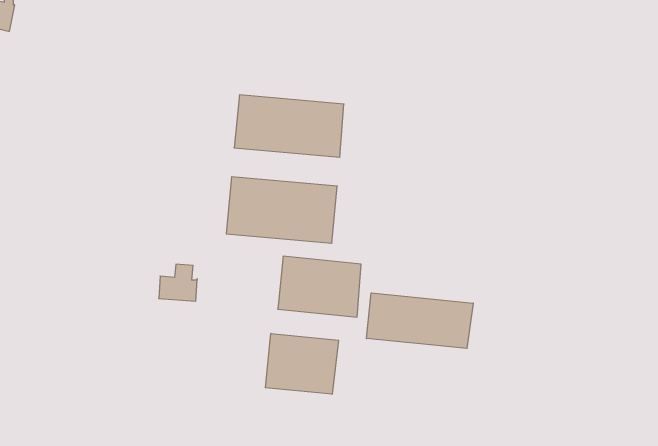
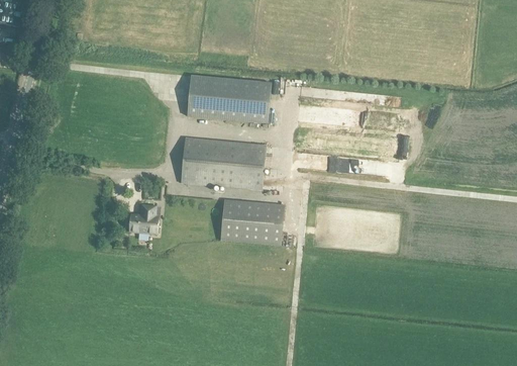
building: [367,293,473,348] -> none
building: [265,333,339,394] -> none

